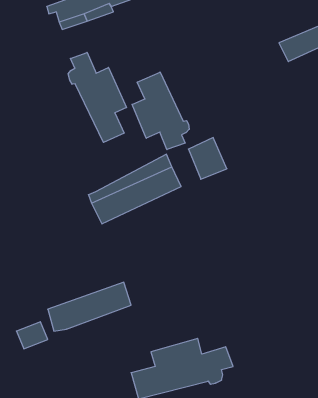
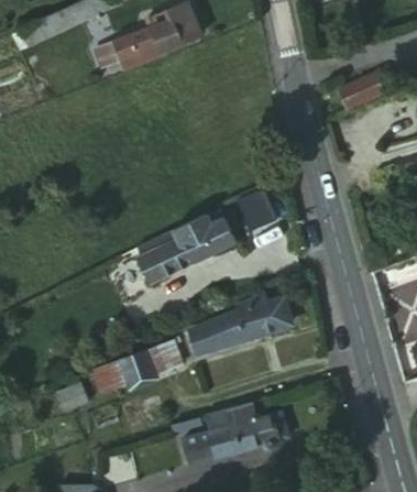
building: [68,52,126,142] -> none
building: [132,72,189,150] -> none
building: none -> [188,297,287,353]

